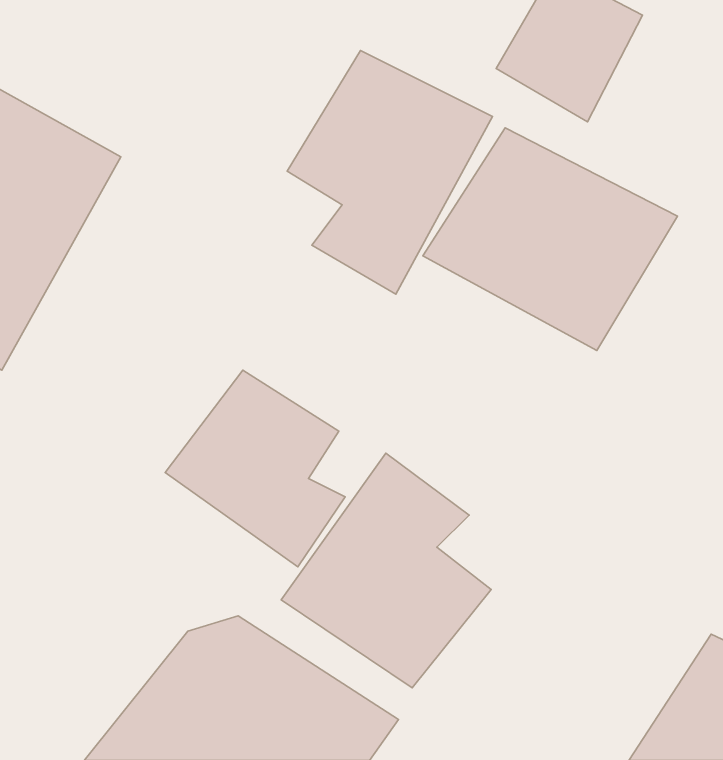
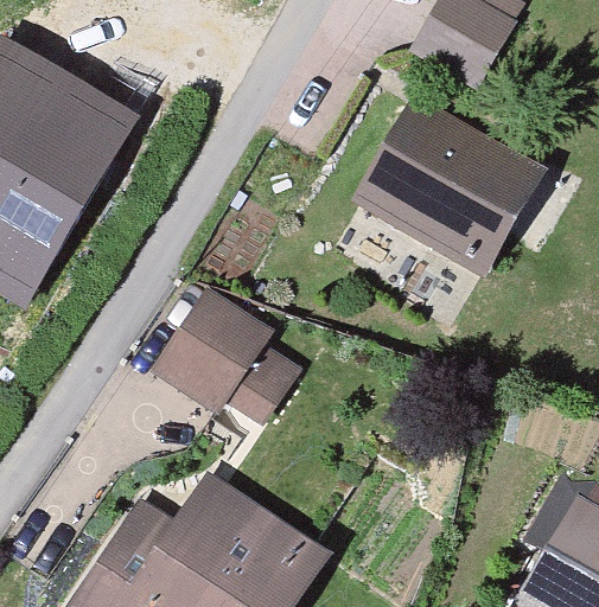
building: [287,50,493,294] -> none
building: [281,453,491,688] -> none

